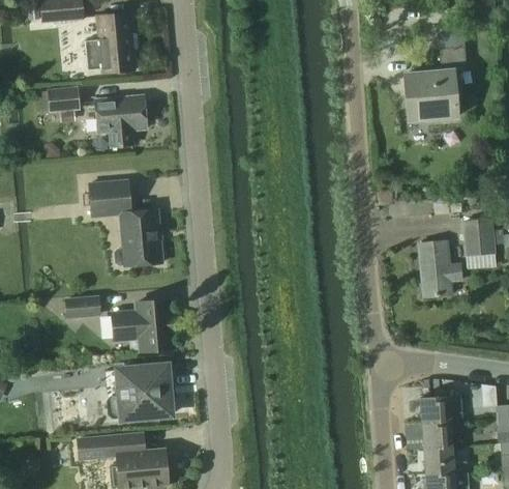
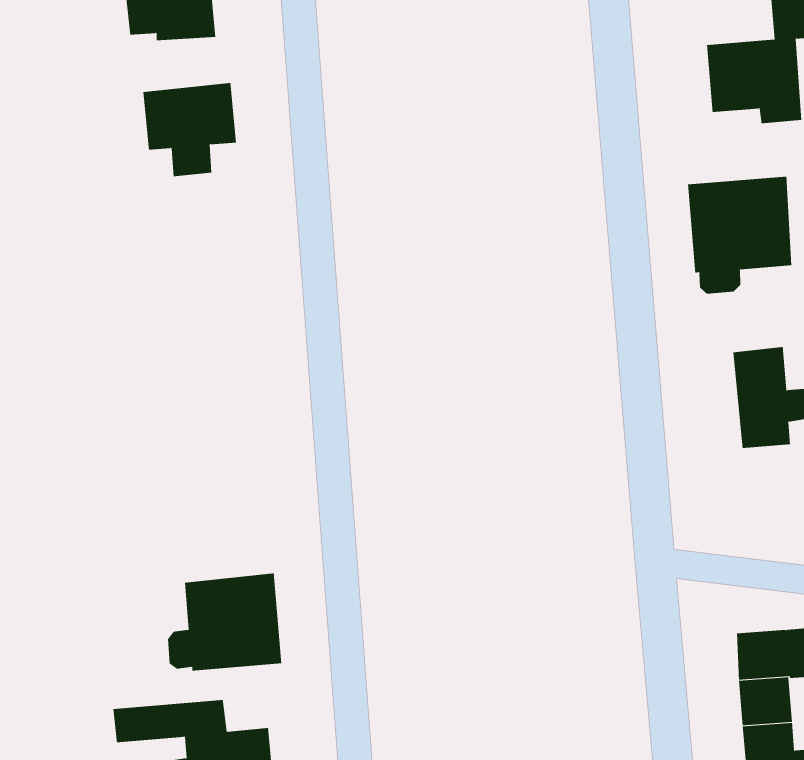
building: [49,88,80,111] -> none
building: none -> [688,176,792,294]
building: [90,180,162,266] -> none
building: [66,297,100,317] -> none
building: [113,299,175,351] -> none

